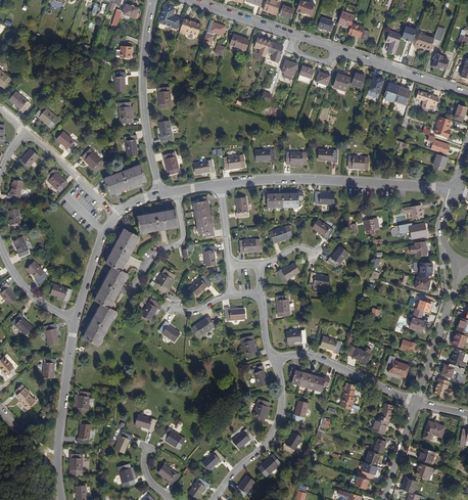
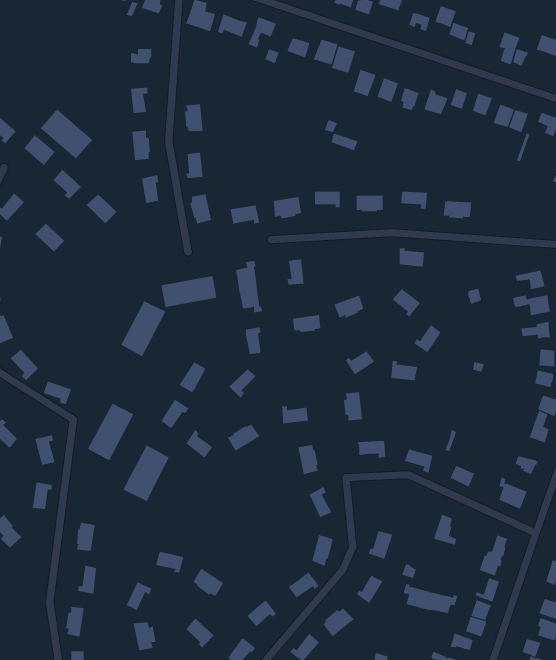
building: none -> [40,109,93,160]
building: [105,166,148,198] -> none
building: [259,189,299,207] -> none
building: [98,267,129,306] -> none
building: none -> [122,445,170,502]
building: [289,367,330,390] -> [403,583,458,614]

